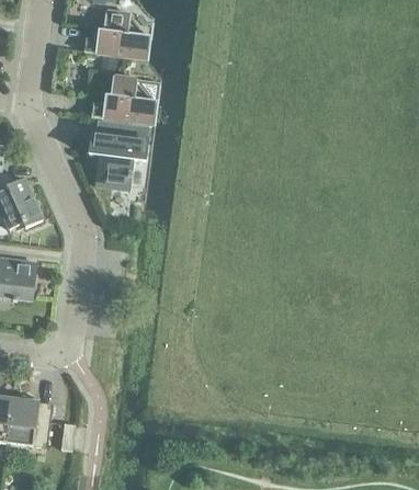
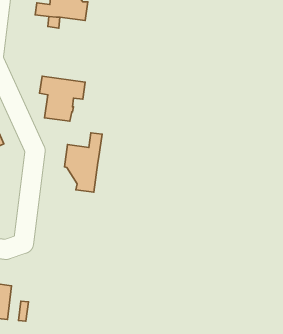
building: [90,76,158,124] -> none
building: none -> [65,133,102,192]

